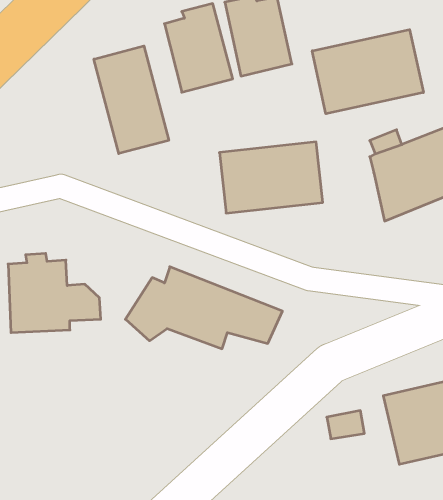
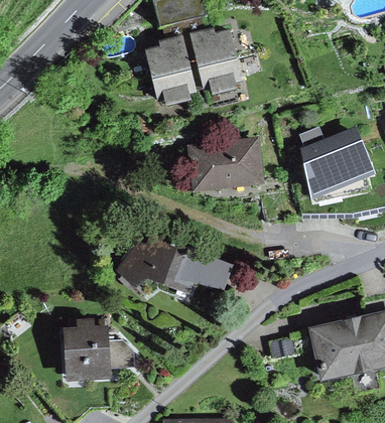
building: [312,30,423,114] -> none
building: [94,46,169,154] -> none
building: [8,253,101,333] -> [65,320,134,380]

